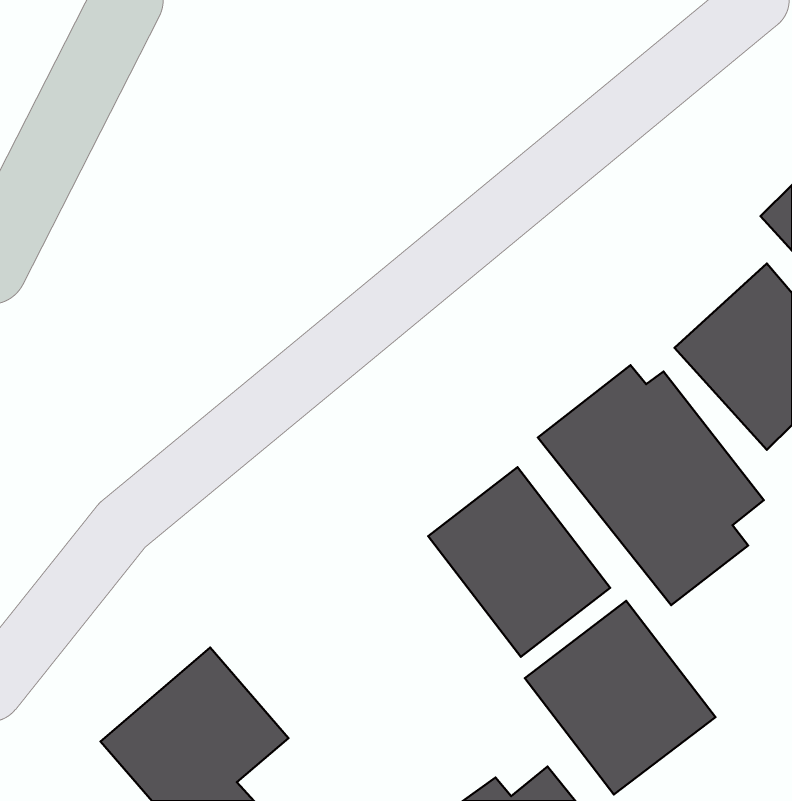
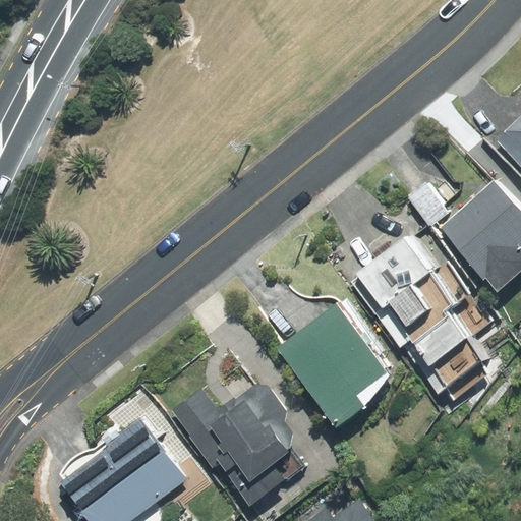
building: none -> [168,384,305,504]
building: [525,601,715,794] -> none

